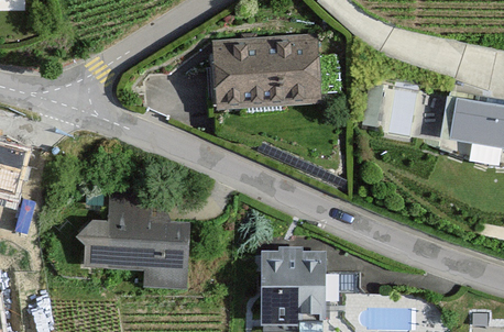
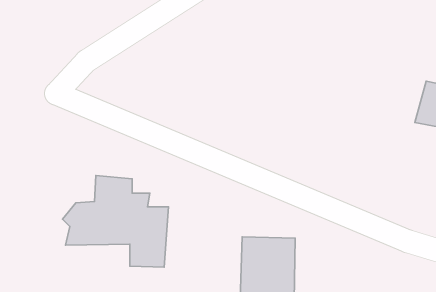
building: [216,41,316,104] -> none

